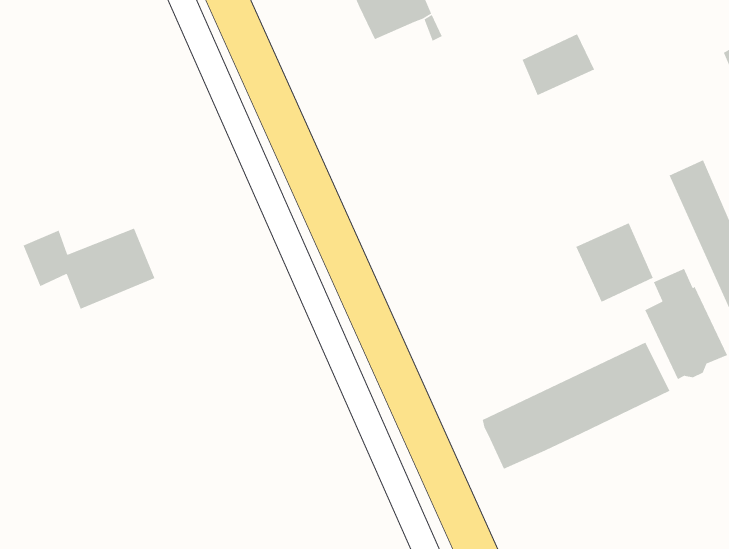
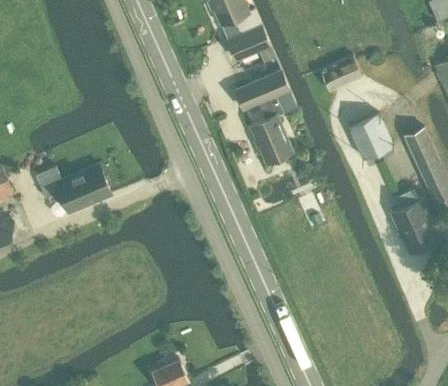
building: none -> [235,70,296,162]
building: [575,222,654,303] -> [348,113,393,159]
building: [482,342,670,470] -> none

